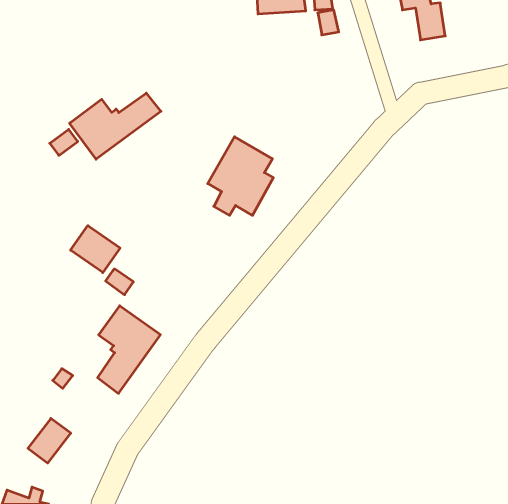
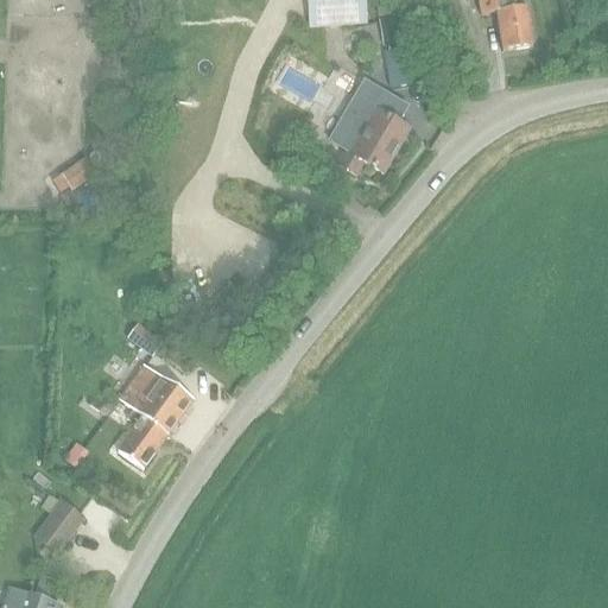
building: none -> [385,45,414,86]
building: [70,93,161,159] -> none
building: [208,137,273,215] -> [330,77,408,171]
building: [71,226,120,273] -> none

